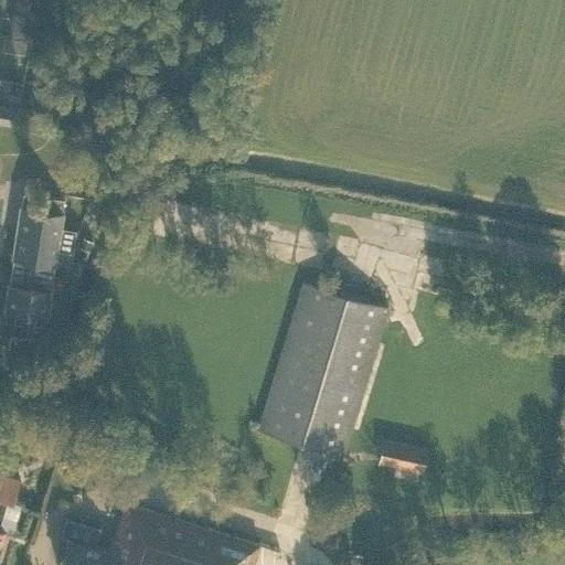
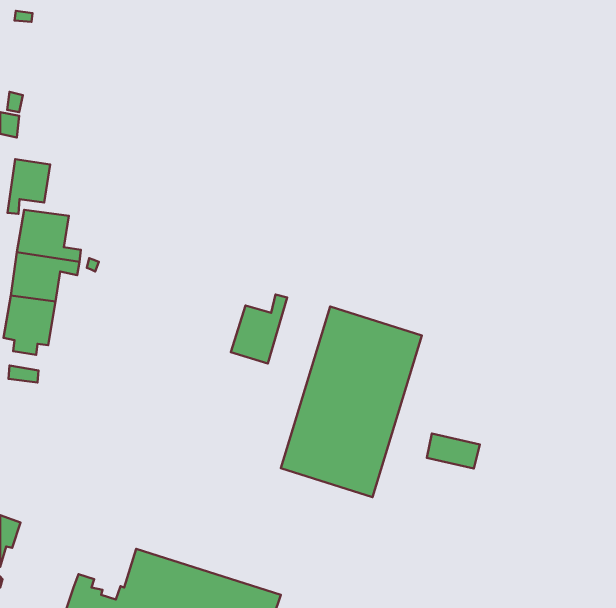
building: none -> [8,159,50,214]
building: none -> [231,295,287,364]
building: [377,447,426,479] -> [427,434,480,469]

